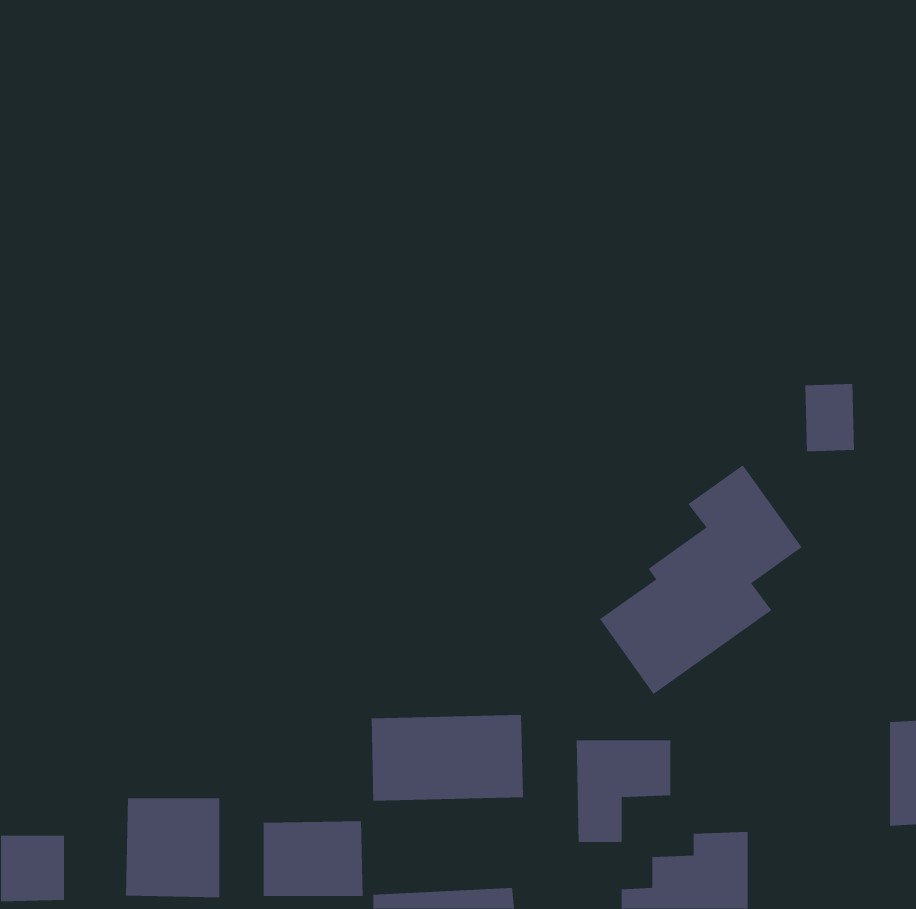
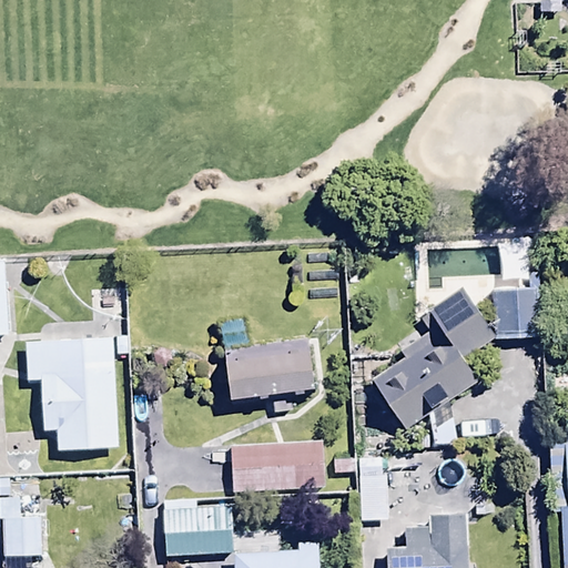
building: none -> [494,286,542,337]
building: none -> [24,338,116,450]
building: none -> [224,339,313,409]
building: [125,797,220,898] -> none

